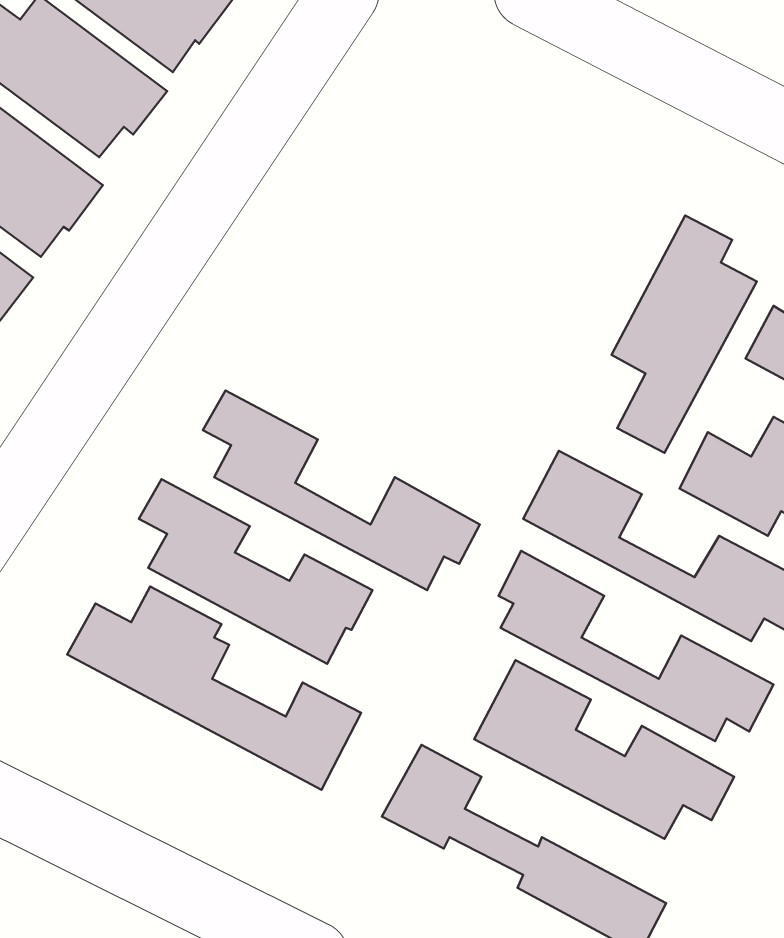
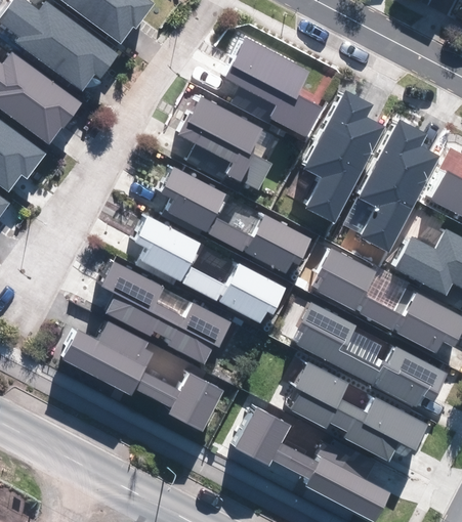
building: none -> [225,38,321,135]
building: none -> [304,90,383,220]
building: none -> [180,97,270,187]
building: none -> [162,166,312,274]

